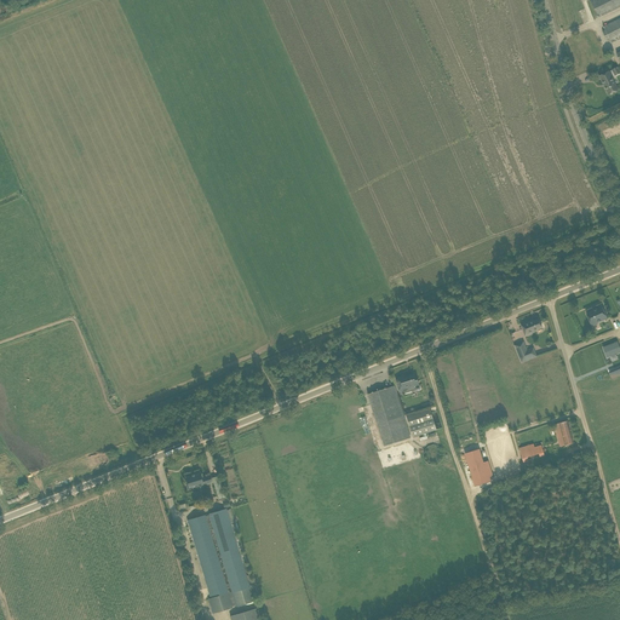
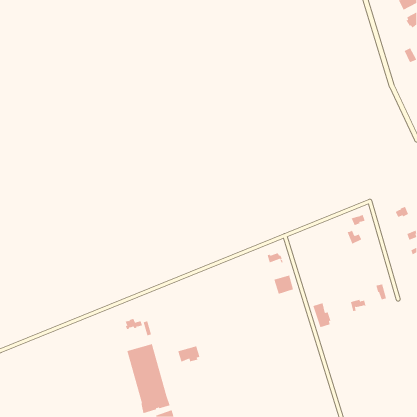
building: [368,385,409,444] -> none
building: none -> [178,345,200,363]

